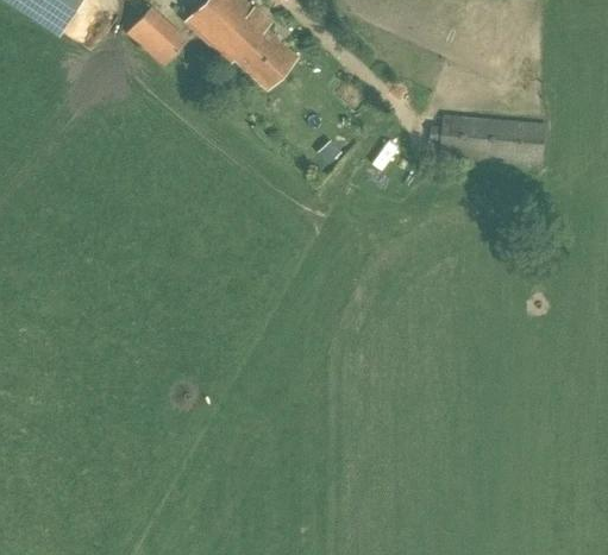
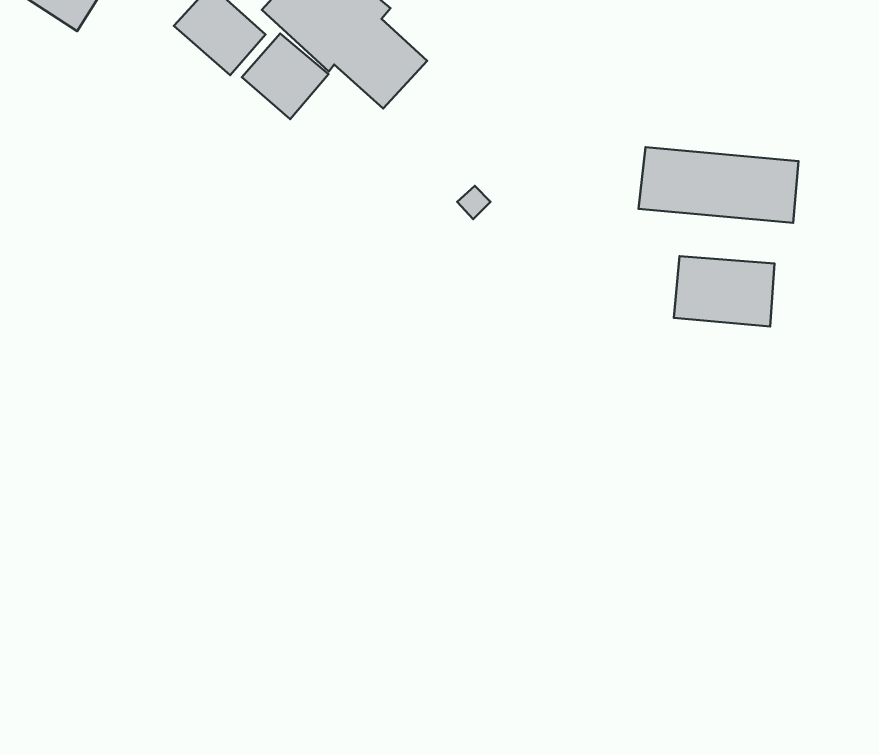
building: none -> [242,33,328,119]
building: none -> [674,256,774,327]

